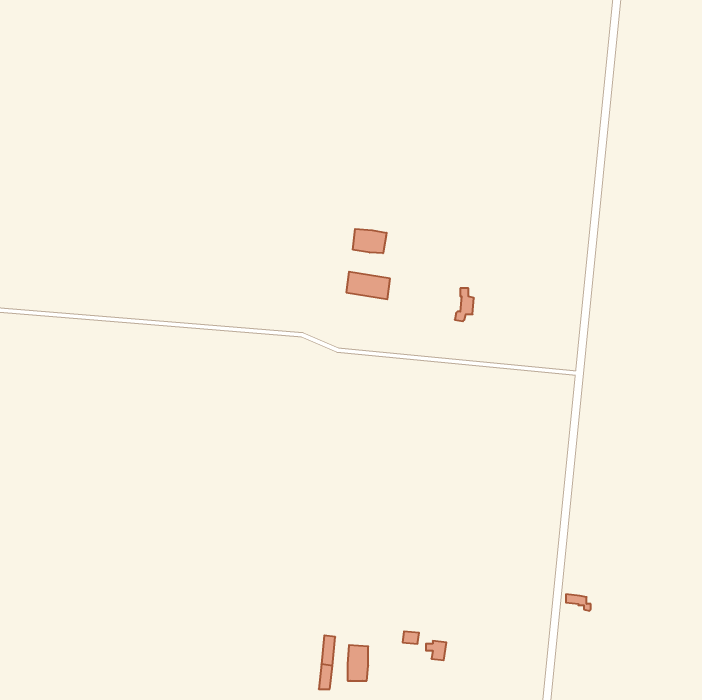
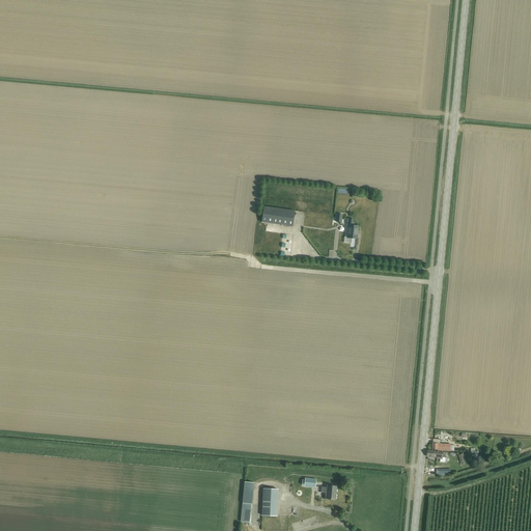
building: [353,229,387,253] -> none

